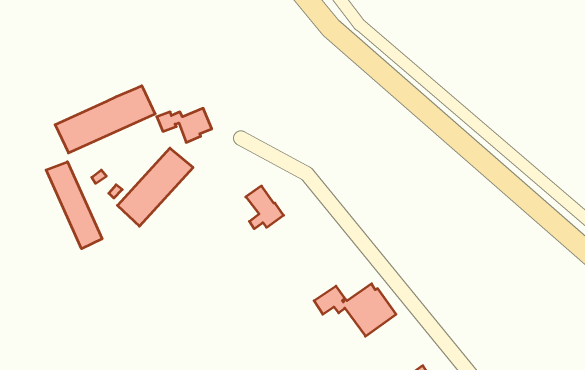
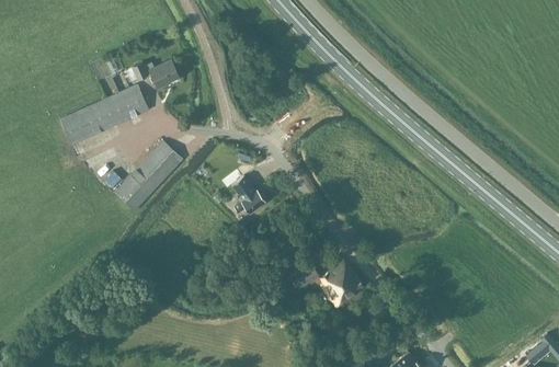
building: [157,108,212,142] -> [130,59,180,90]
building: [46,162,102,249] -> none

